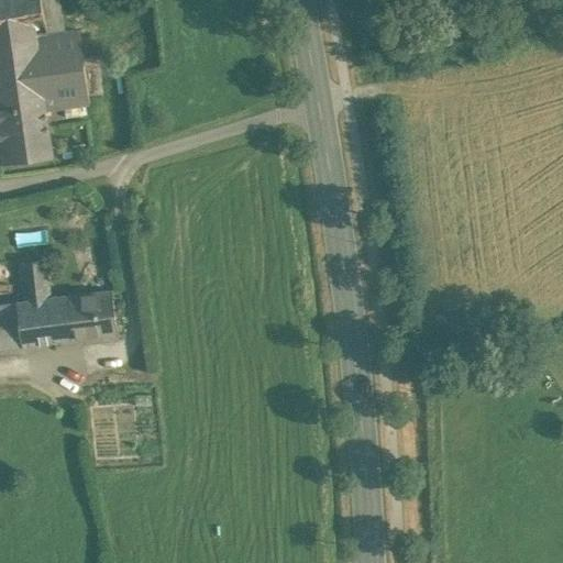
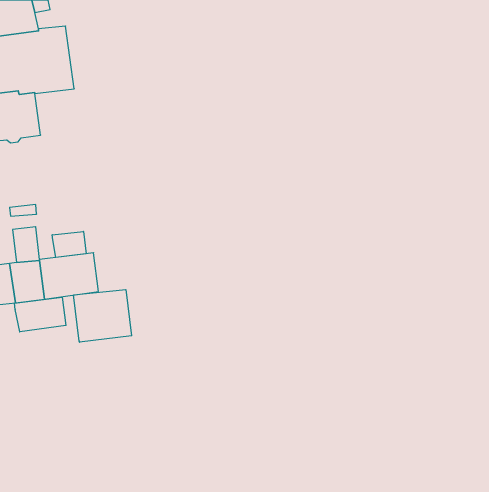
building: none -> [52,231,86,257]
building: none -> [74,290,132,342]
building: none -> [15,297,66,332]

